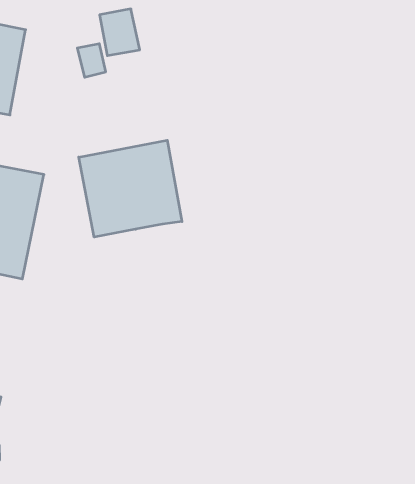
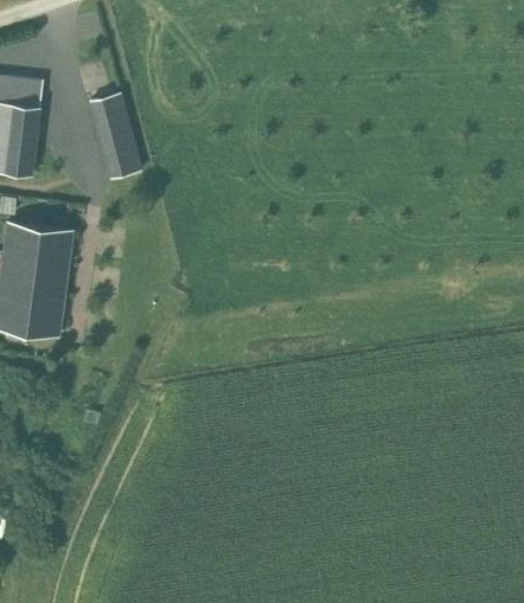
building: [100,9,140,56] -> [98,126,142,175]
building: [79,140,182,237] -> none

